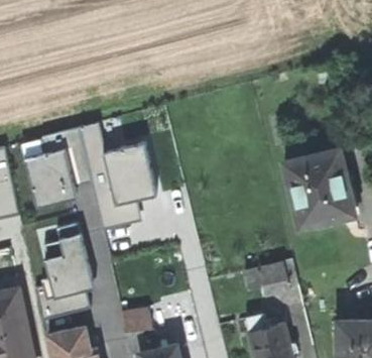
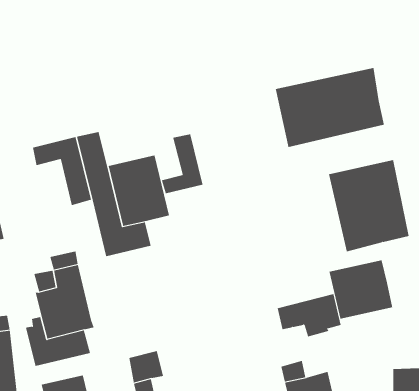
building: none -> [275,67,384,148]
building: none -> [161,133,203,194]
building: [24,148,76,208] -> none
building: none -> [329,259,393,319]

